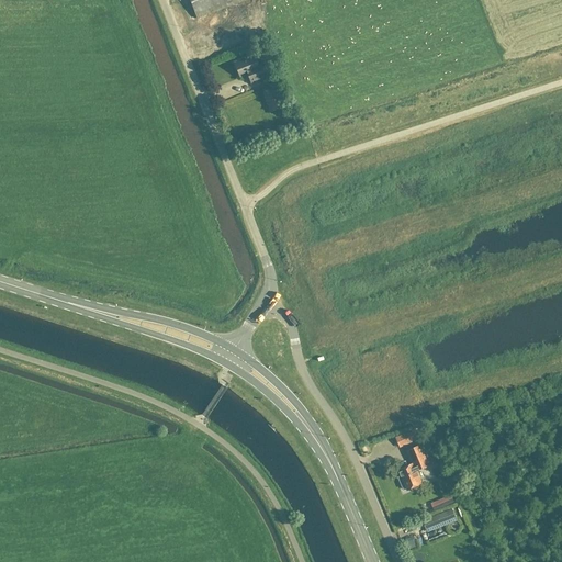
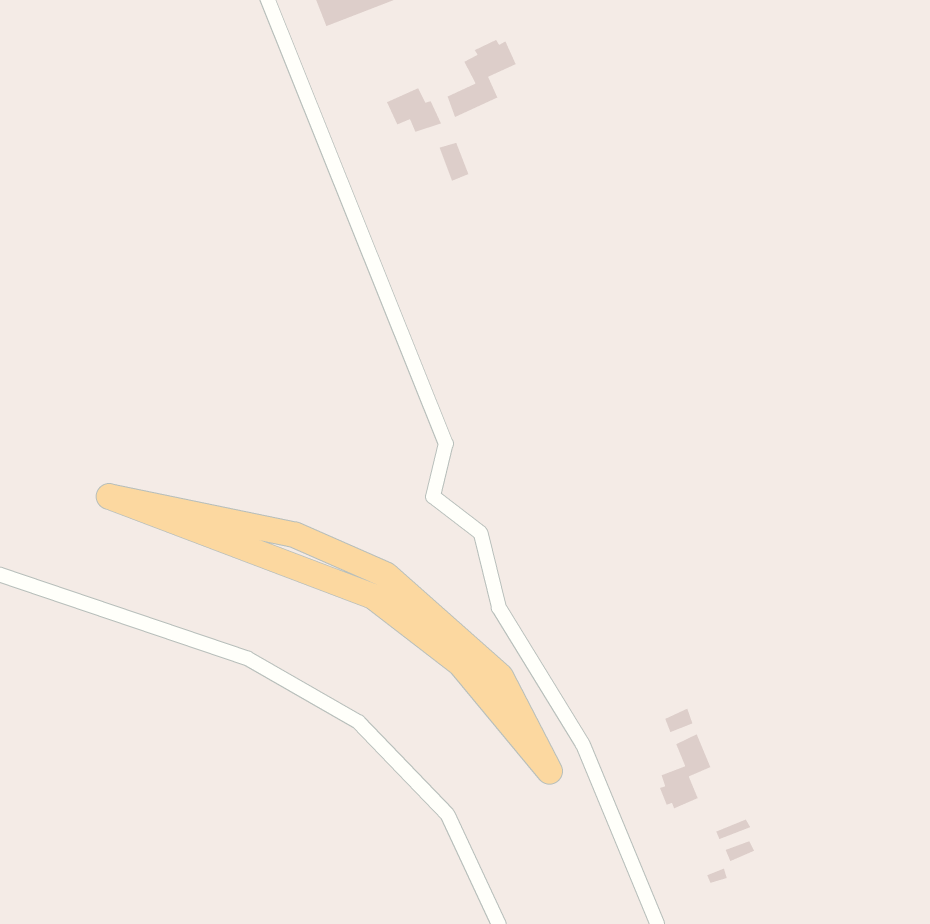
building: none -> [447,39,517,118]

